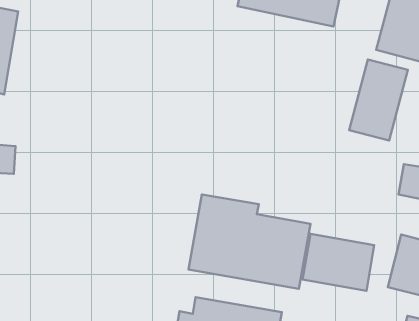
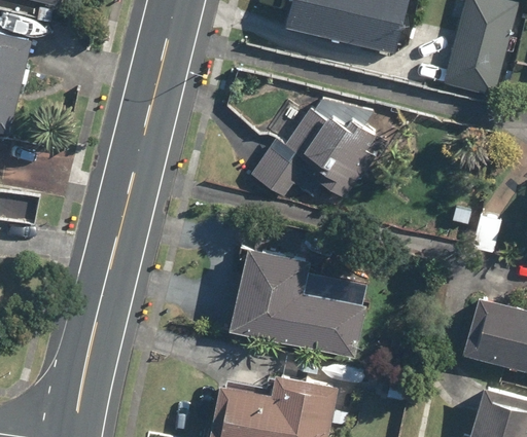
building: [349,59,408,141] -> none
building: none -> [250,96,379,206]
building: [303,234,374,291] -> none

